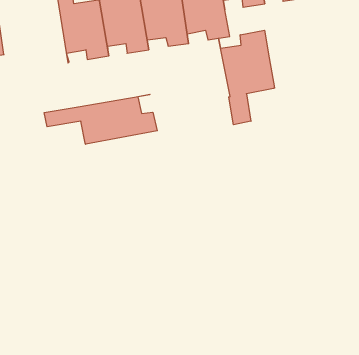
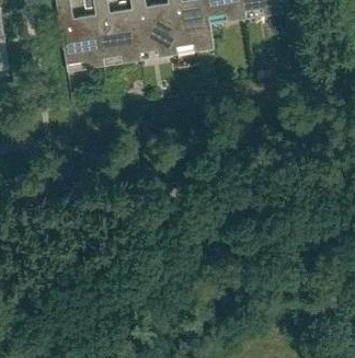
building: [218,30,275,125] -> none
building: [44,94,157,144] -> none

